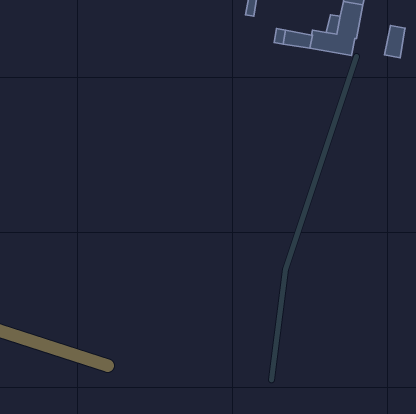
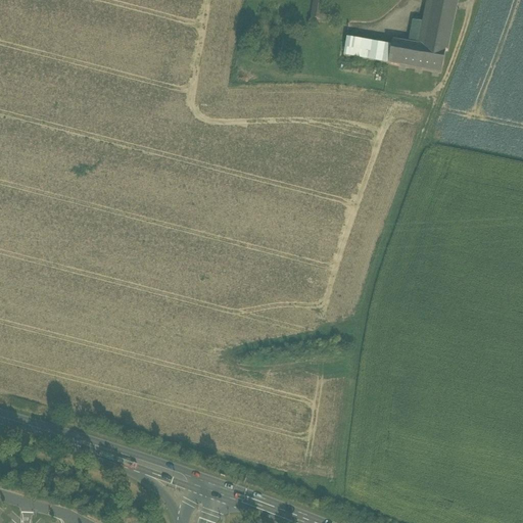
building: [384,26,405,58] -> none

